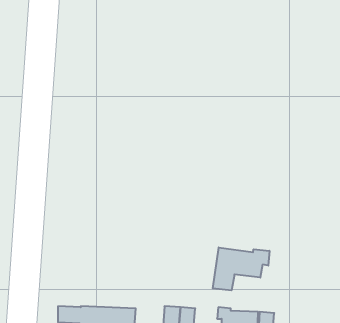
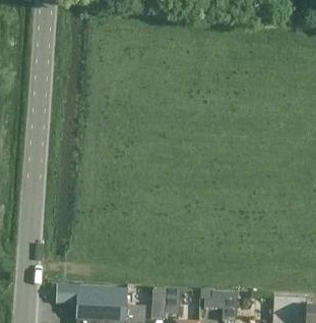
building: [213,247,269,290] -> none

